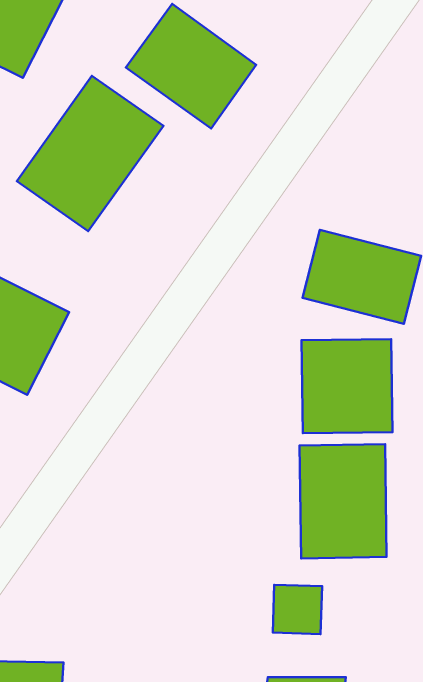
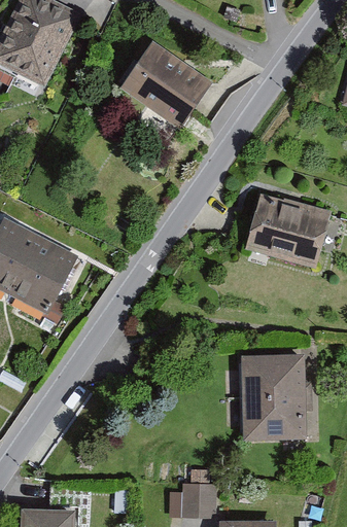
building: [17,76,163,231] -> none
building: [301,339,392,433] -> none
building: [273,585,322,634] -> [181,482,216,517]

